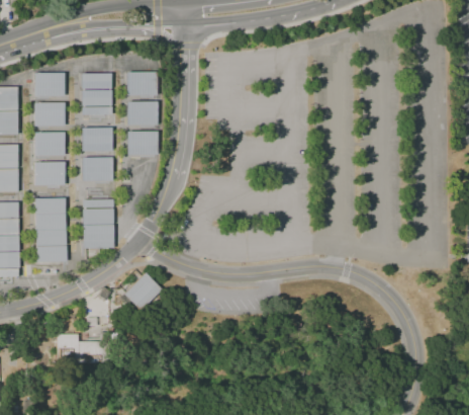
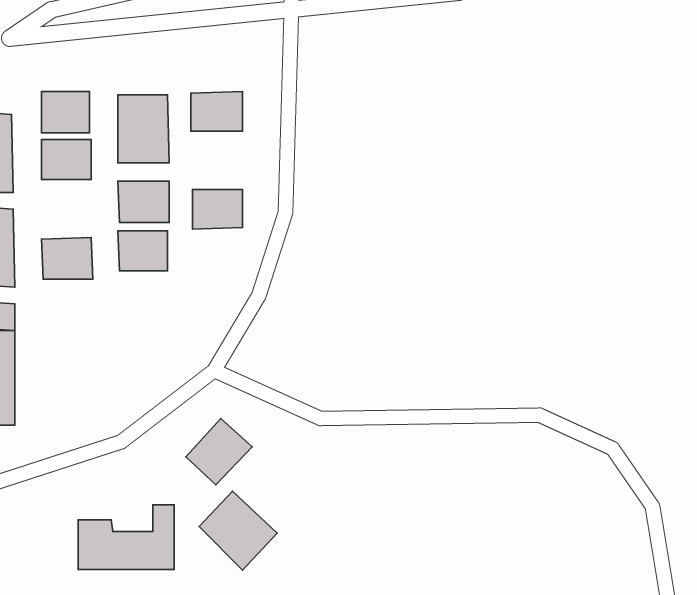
building: [127,102,158,127] -> none
building: [34,133,66,158] -> none
building: [35,198,67,263] -> none
building: [83,199,114,249] -> none
building: none -> [199,491,277,570]

